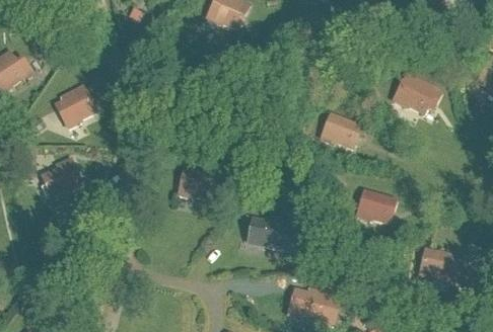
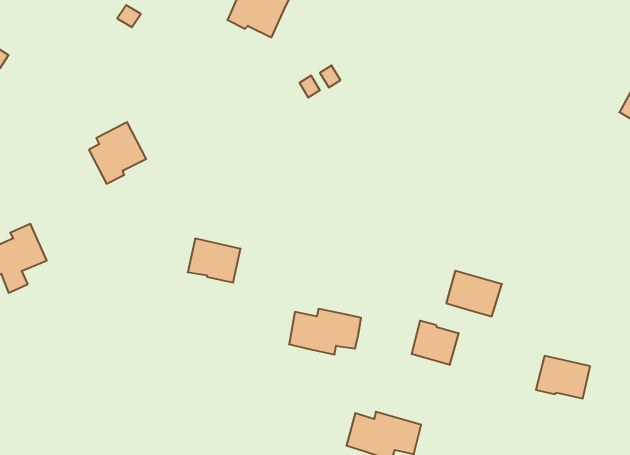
building: [394,72,440,112] -> none
building: [56,85,95,128] -> [89,122,146,184]
building: [321,108,367,147] -> none
building: none -> [412,321,459,365]

